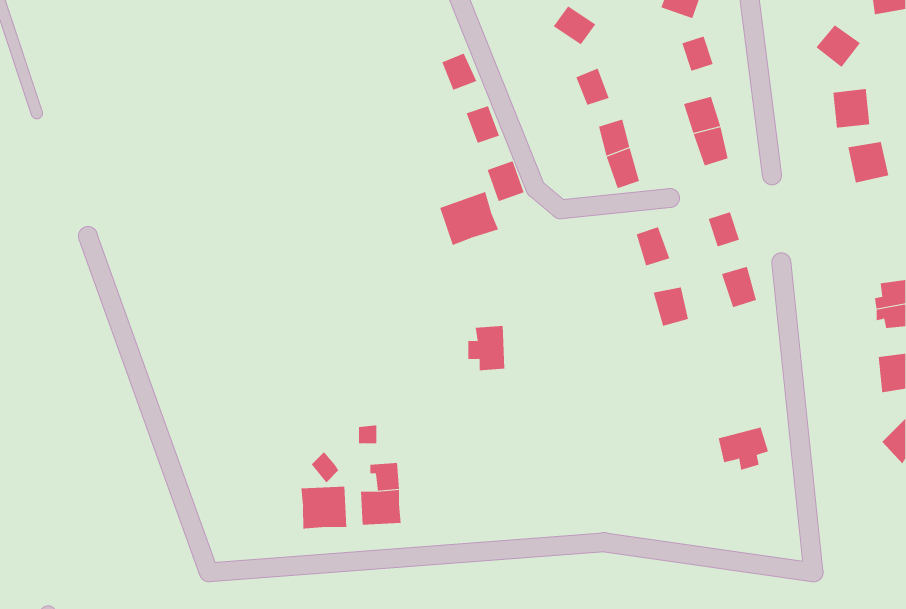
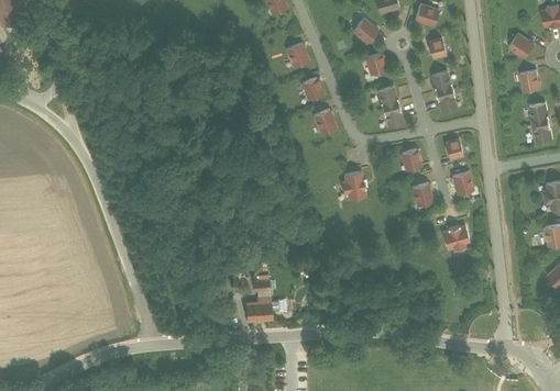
building: none -> [529,120,553,145]
building: [439,191,499,246] -> none
building: [467,325,505,371] -> [343,174,365,200]
building: [718,427,769,470] -> [440,226,470,252]
building: [301,486,347,529] -> none

